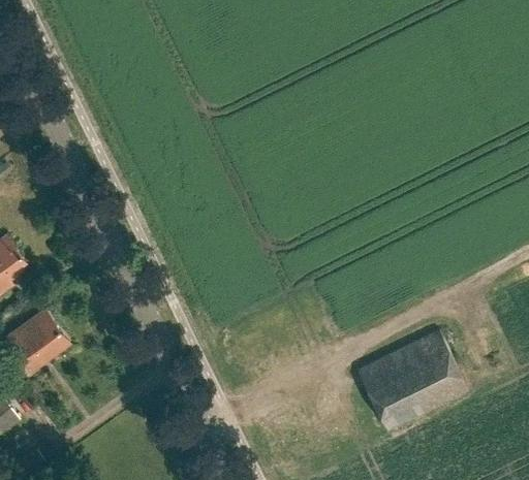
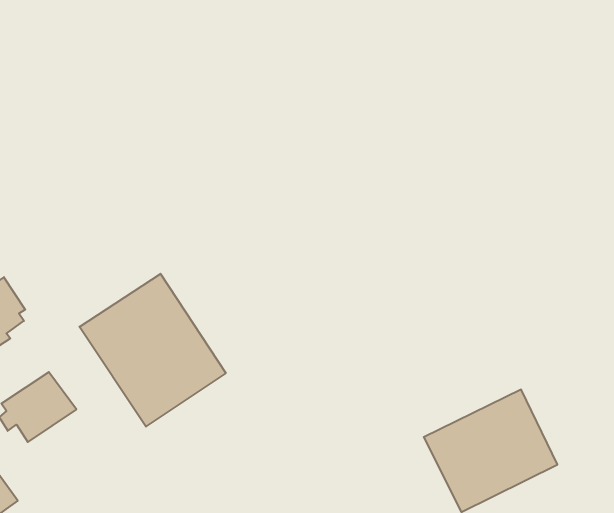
building: none -> [79,274,226,427]

